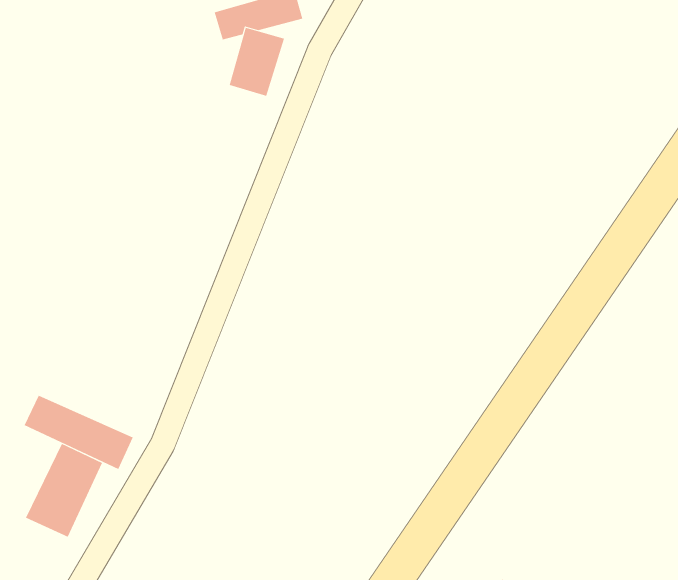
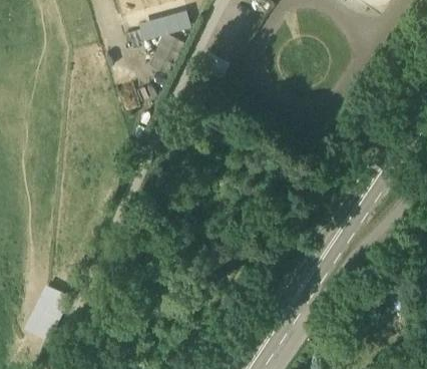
building: [24,395,133,470] -> none

